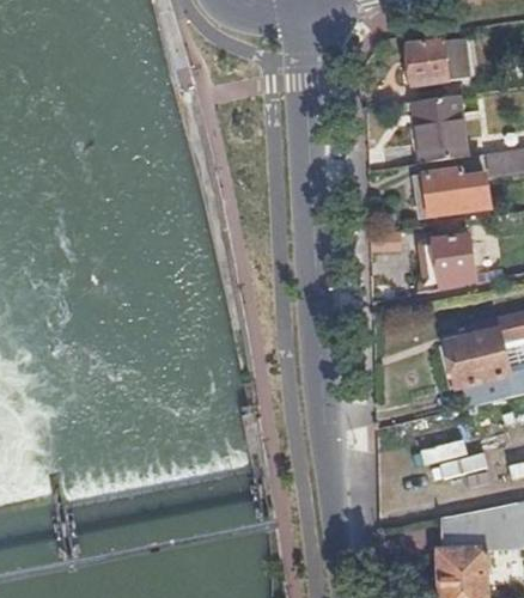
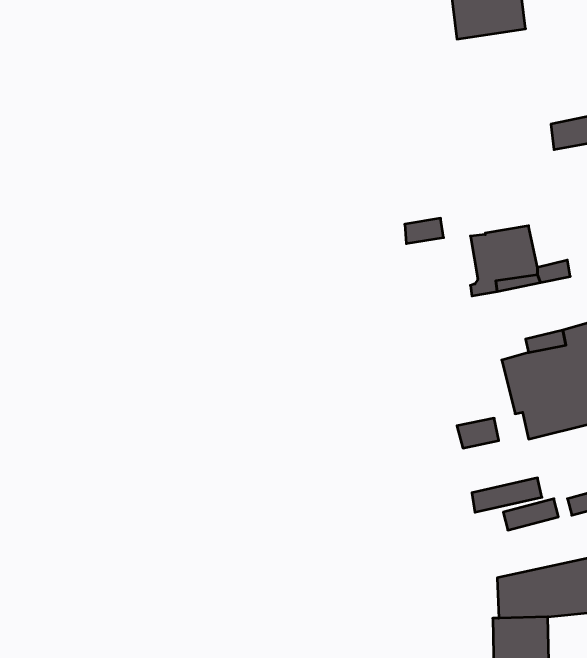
building: [410,93,462,161] -> none
building: [415,171,489,216] -> none

